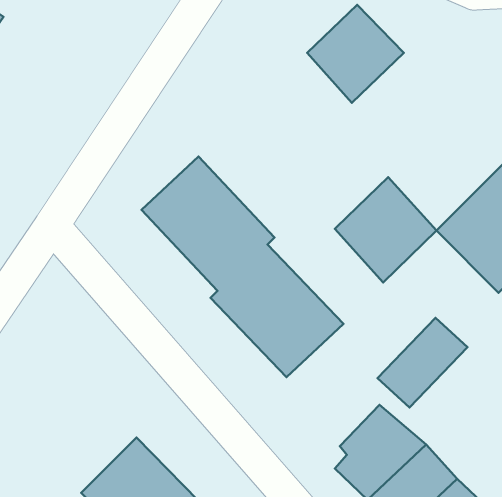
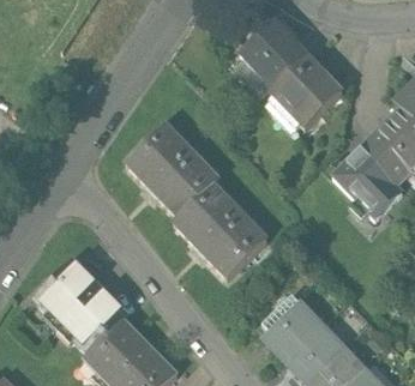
building: [335,177,436,282] -> [272,53,343,126]
building: [377,318,467,408] -> none
building: none -> [36,261,128,354]

